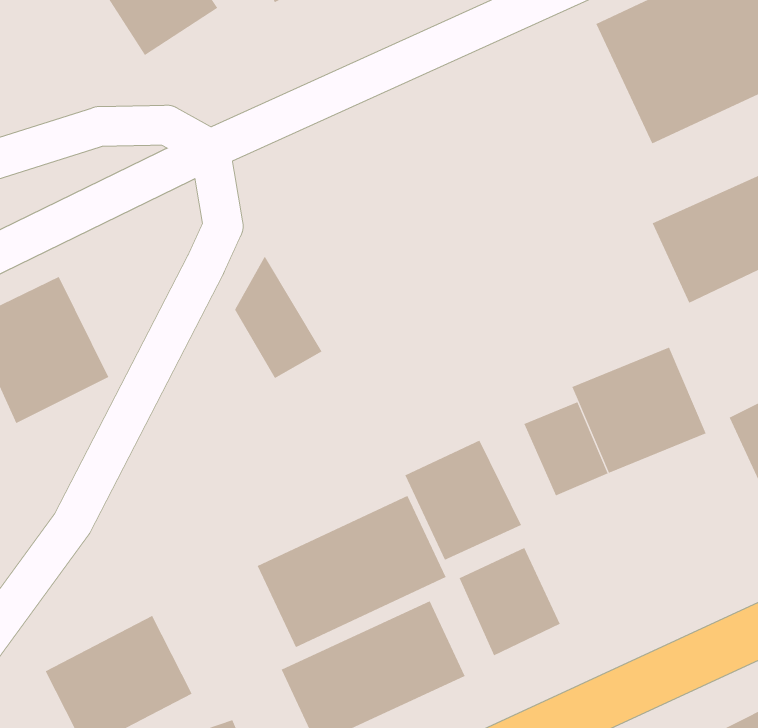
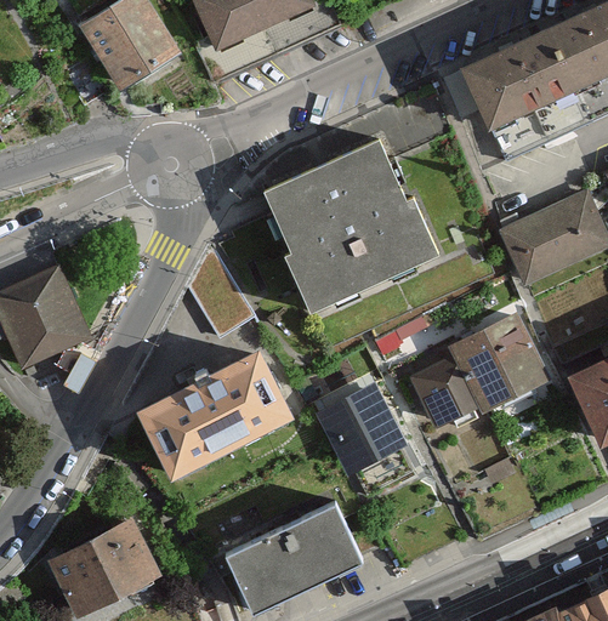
building: none -> [262,147,445,327]
building: [257,495,446,648] -> [141,360,284,475]
building: [459,547,561,656] -> none

